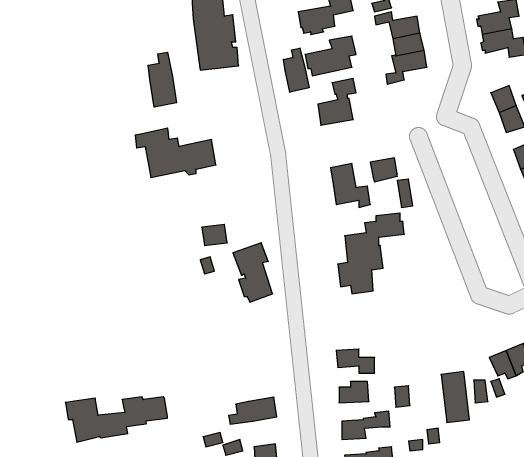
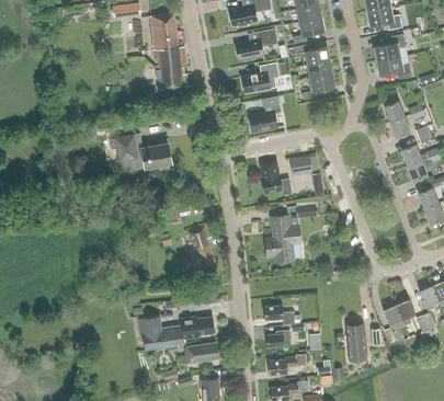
building: [283,48,309,92] -> none
building: [148,52,177,107] -> none
building: [65,397,167,442] -> [136,316,215,351]

